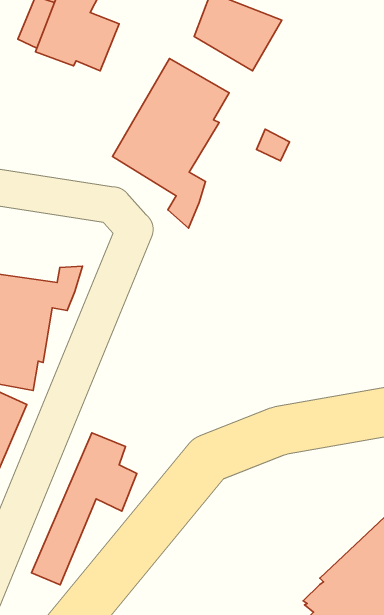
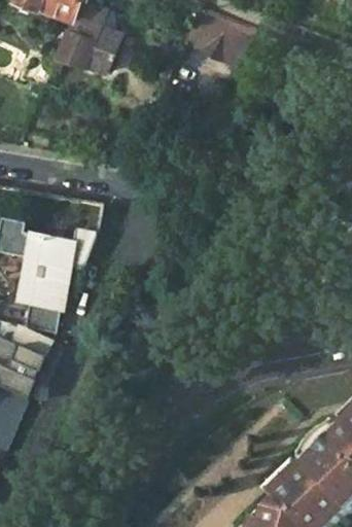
building: [113,59,229,228] -> none
building: [31,433,137,585] -> none

